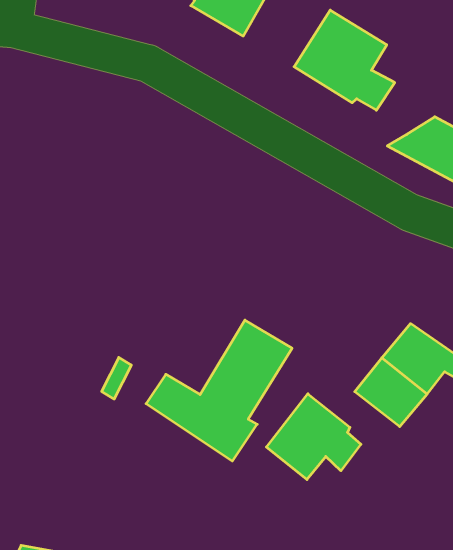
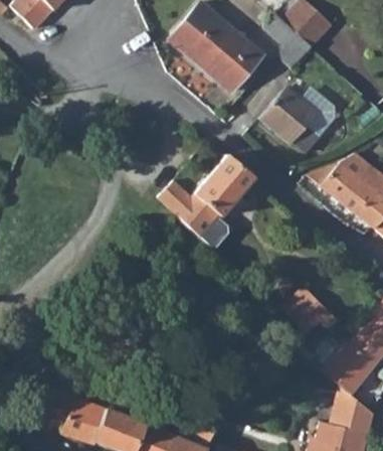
building: [146,320,292,461] -> [159,156,254,242]
building: [266,394,361,480] -> none

